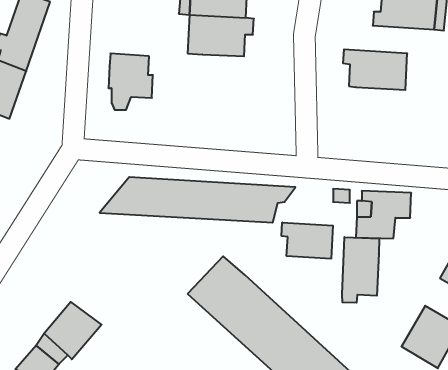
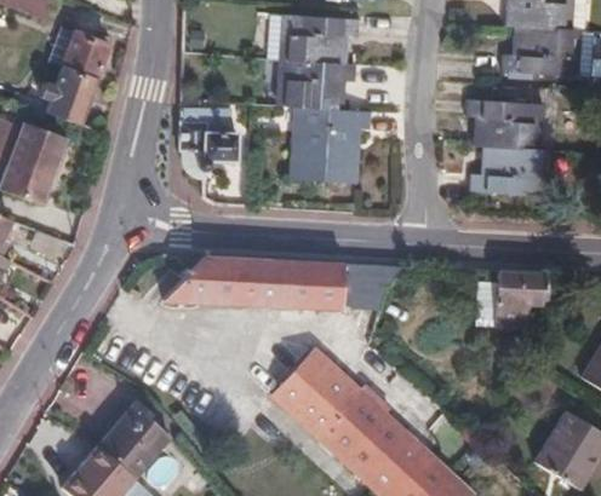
building: none -> [291,106,368,183]
building: none -> [469,146,549,195]
building: [282,222,333,259] -> none
building: [342,237,379,303] -> none

